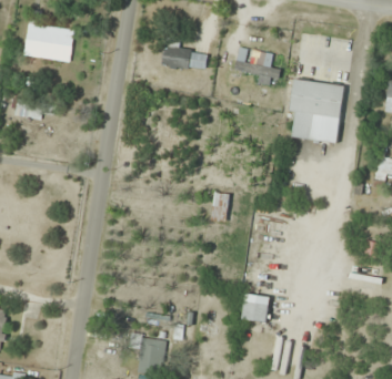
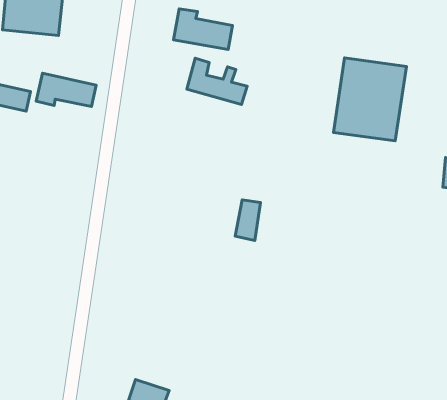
building: [233,47,281,83] -> [187,58,247,105]
building: none -> [36,73,96,107]
building: [241,294,270,322] -> none

